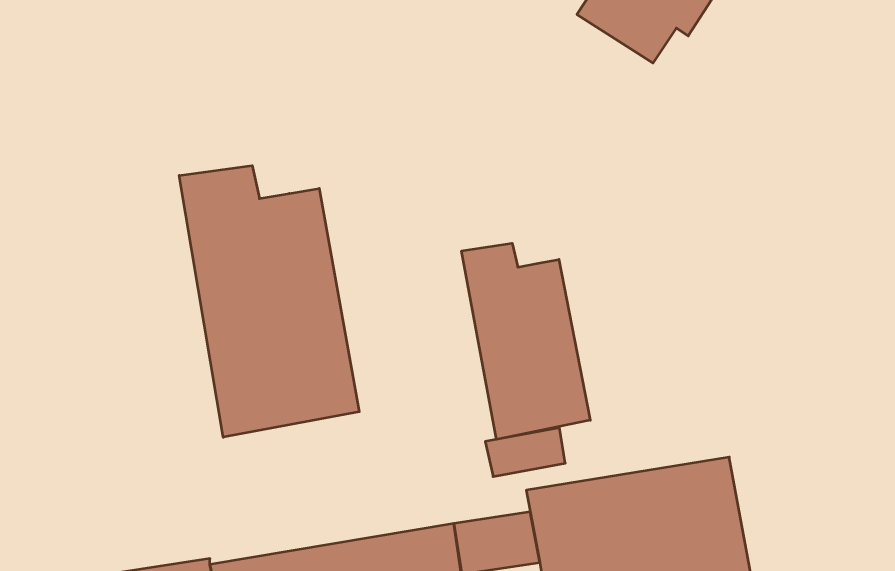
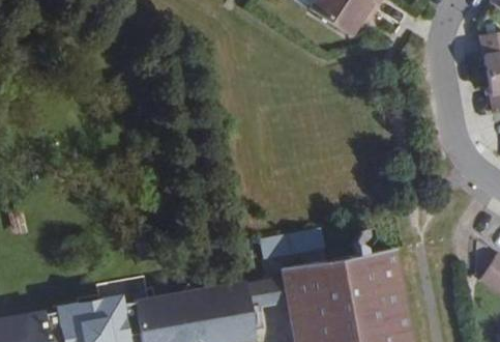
building: [179,166,359,437] -> none
building: [462,243,590,439] -> none

